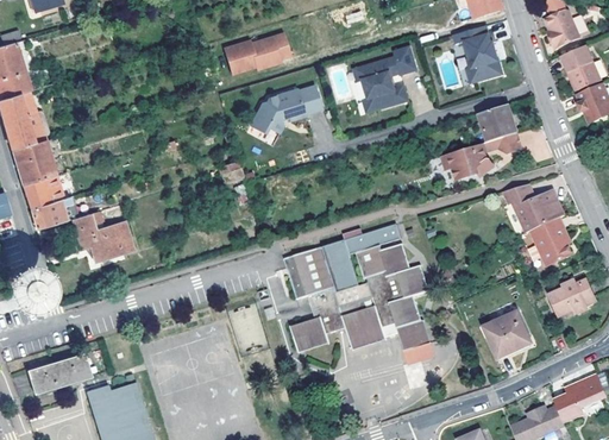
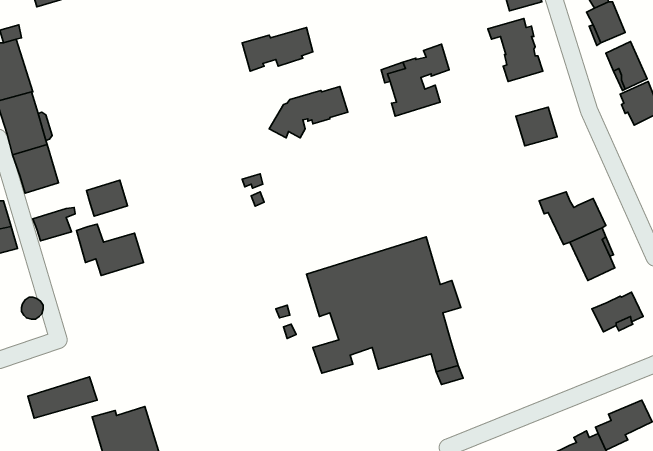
building: [442,132,522,180] -> none
building: [25,175,63,208] -> [86,180,128,216]
building: [485,312,530,357] -> none

